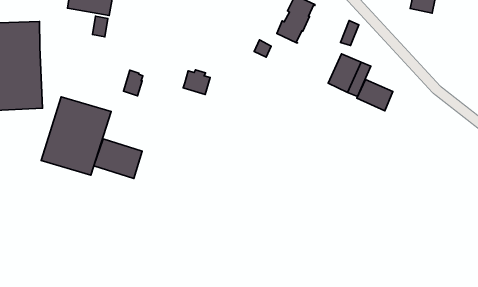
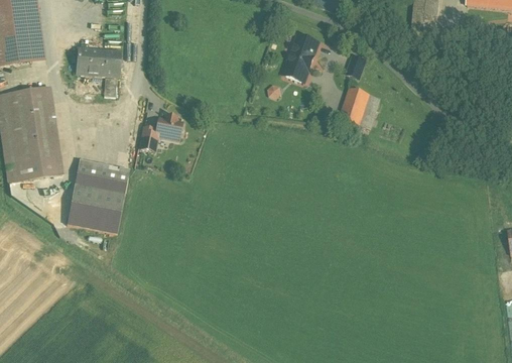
building: [183,70,210,94] -> [155,116,180,139]
building: [357,80,393,111] -> none
building: [94,139,142,178] -> none

